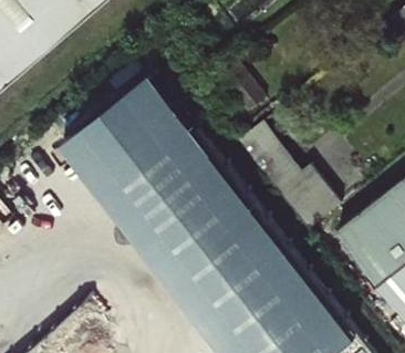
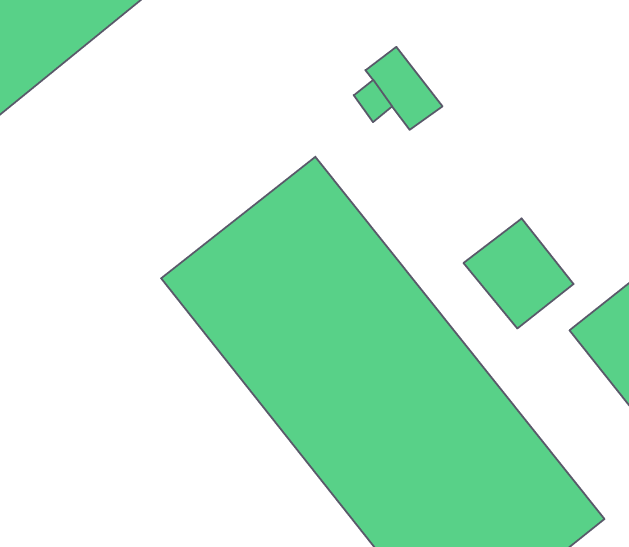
building: [55,75,186,198] -> none

